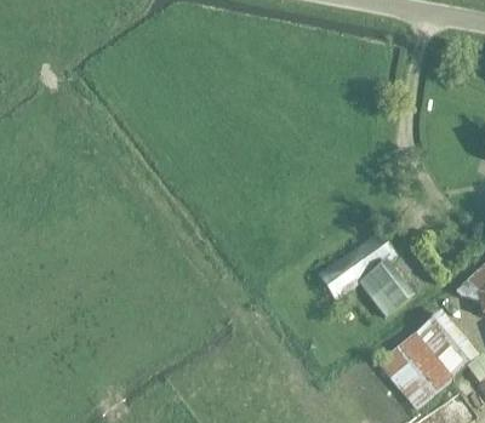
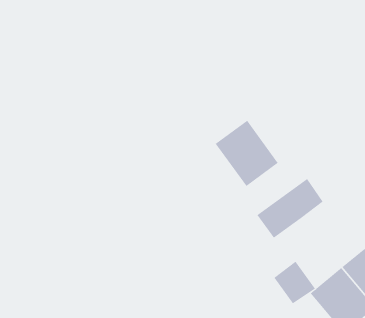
building: none -> [215,120,279,187]
building: [369,256,417,305] -> [273,261,316,304]

